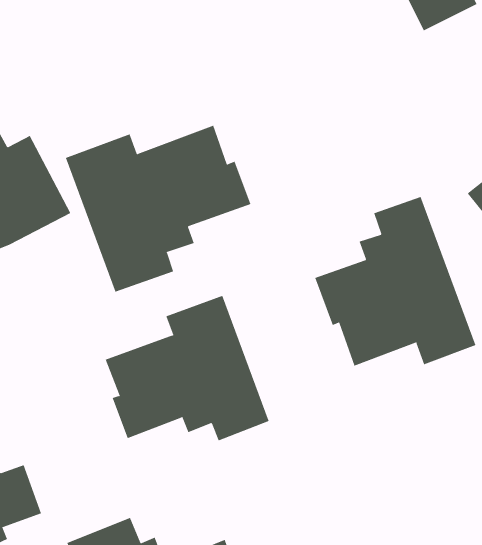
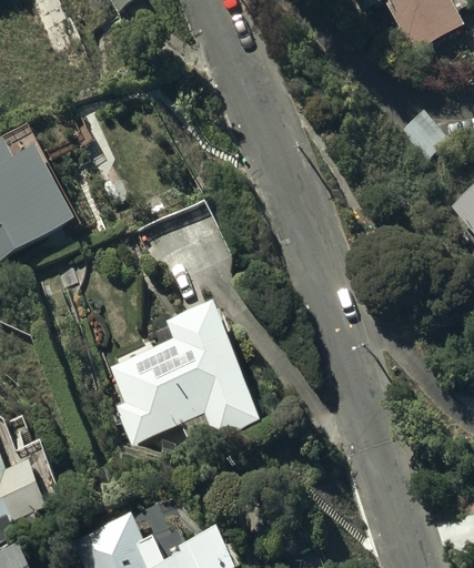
building: [65,125,251,293] -> none
building: [315,196,476,367] -> none

